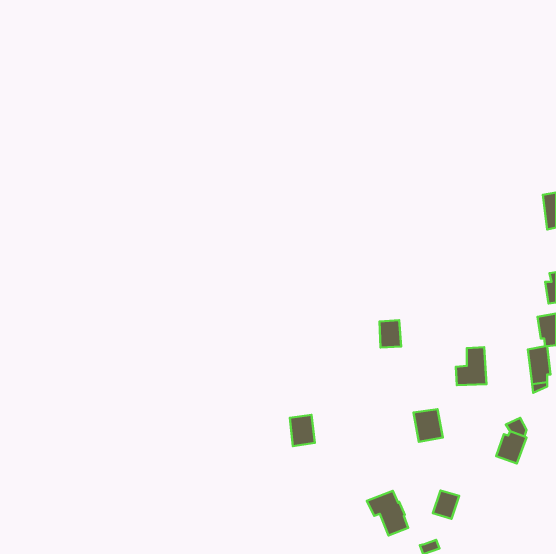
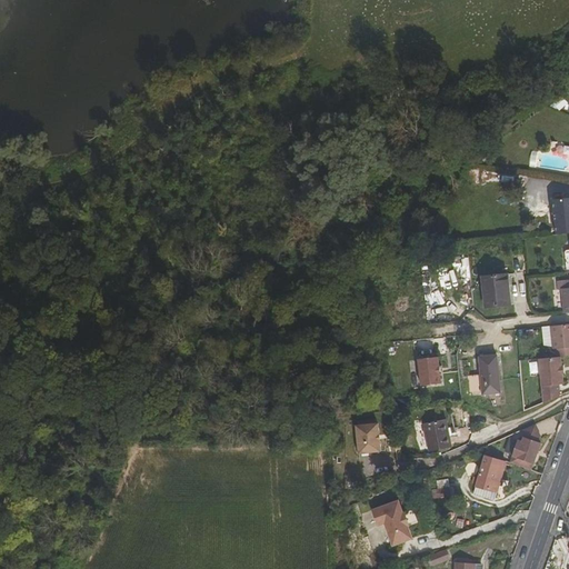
building: none -> [481,274,508,307]
building: [379,320,401,348] -> [420,357,442,385]
building: [290,415,315,446] -> [357,423,382,456]
building: [433,490,459,519] -> [476,462,502,491]

